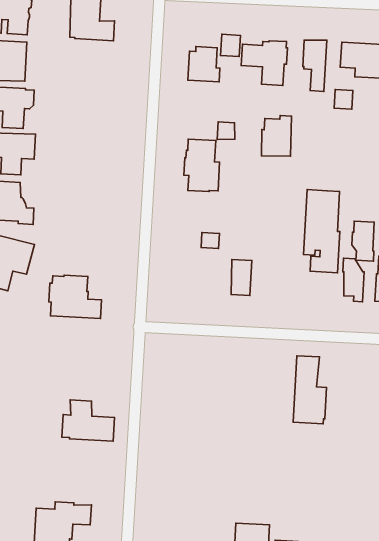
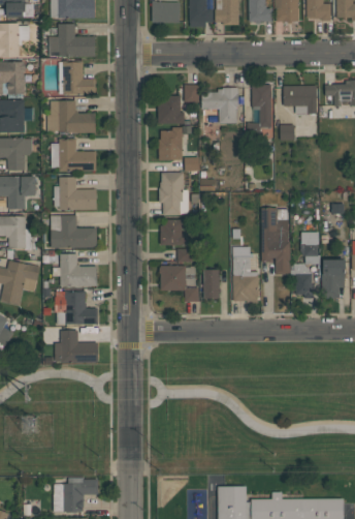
building: none -> [47,101,96,133]
building: none -> [52,139,97,172]
building: [262,116,291,156] -> [159,127,184,161]
building: none -> [55,177,97,210]
building: none -> [52,215,98,249]
building: none -> [161,219,187,246]
building: none -> [53,254,97,286]
building: none -> [161,266,199,301]
building: [293,356,326,424] -> [233,247,259,302]
building: [62,400,114,441] -> [56,331,98,363]

